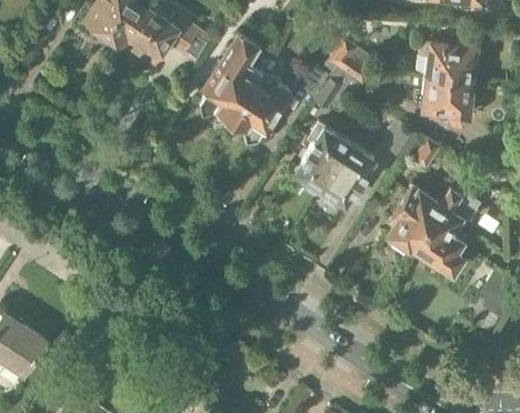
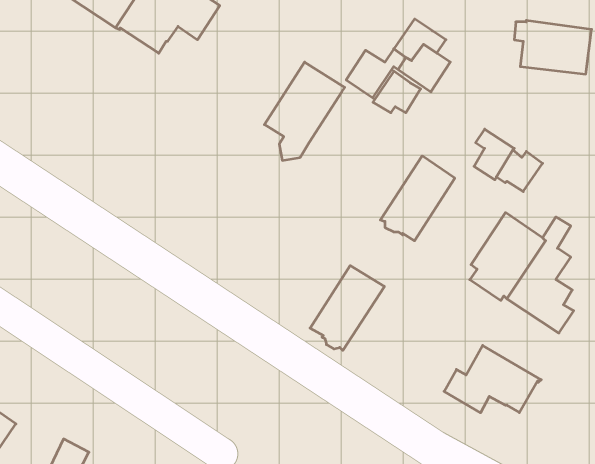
building: [200,37,263,120] -> none
building: [414,77,473,124] -> none
building: [296,128,351,191] -> [310,266,384,350]
building: none -> [444,345,541,413]

